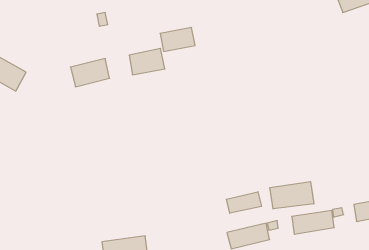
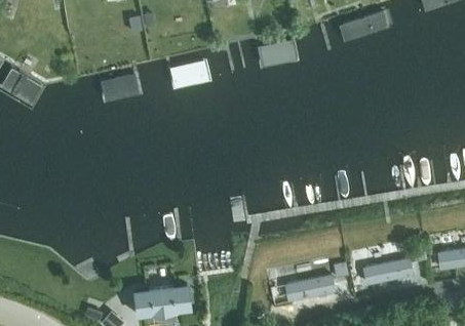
building: none -> [340,15,388,46]
building: [160,27,195,51] -> [256,40,298,69]
building: [270,182,314,209] -> none
building: [226,192,262,213] -> none

